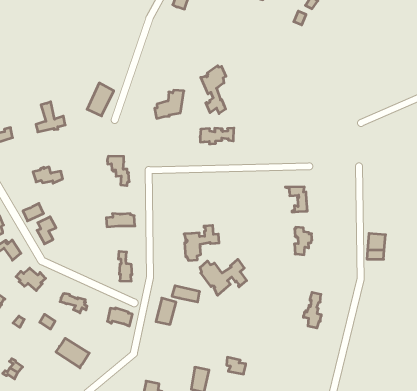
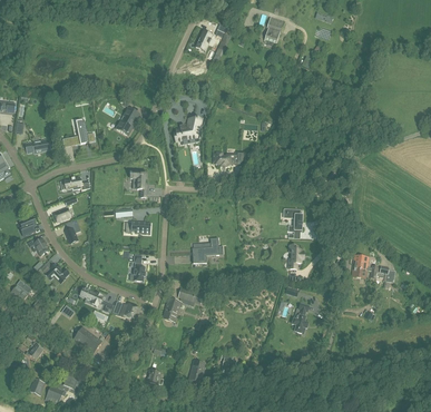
building: [201,66,226,114] -> none
building: [200,259,247,295] -> none

